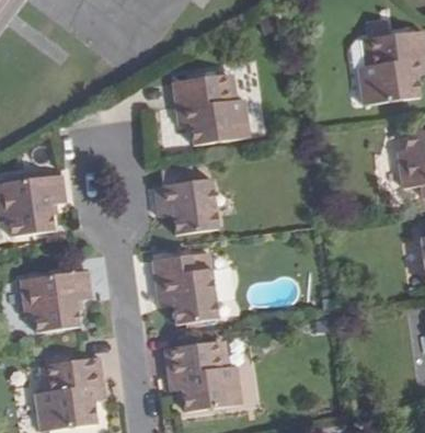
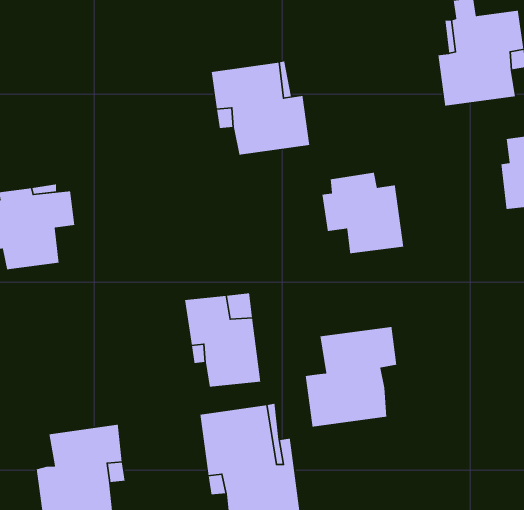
building: [156,168,220,232] -> [321,172,404,254]
building: [22,269,92,331] -> none
building: none -> [305,326,397,427]

